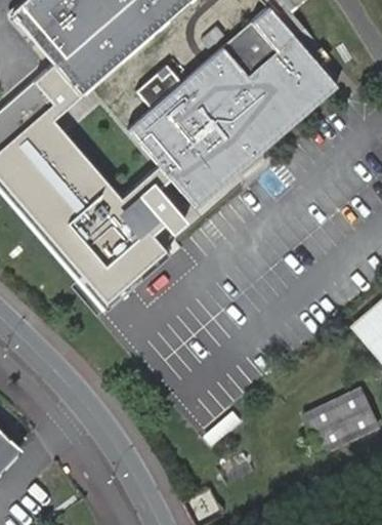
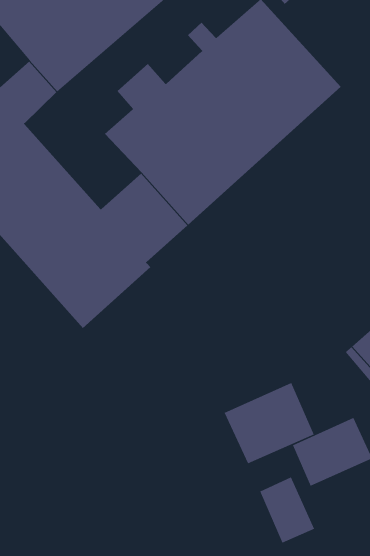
building: none -> [224,382,315,464]
building: none -> [259,476,315,543]

